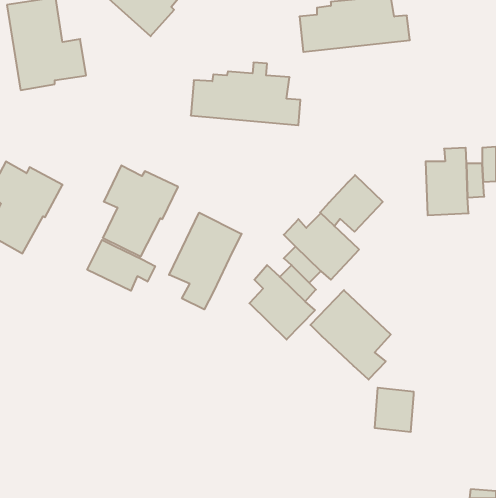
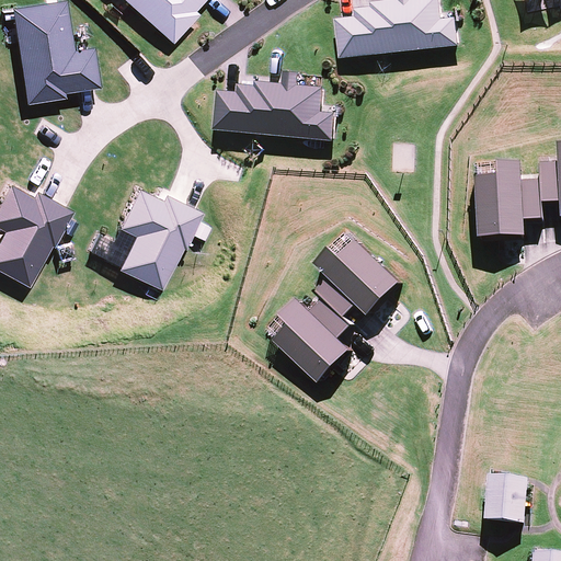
building: [320,175,383,232] -> none
building: [169,213,242,309] -> none
building: [87,240,155,291] -> none
building: [310,290,391,380] -> none
building: [375,388,414,432] -> [478,471,522,520]

